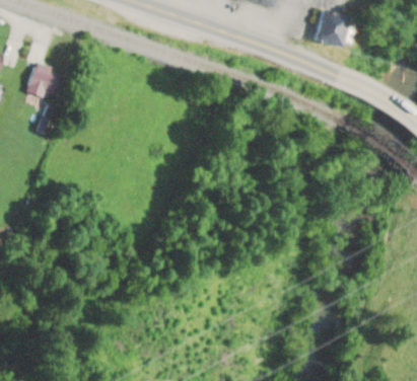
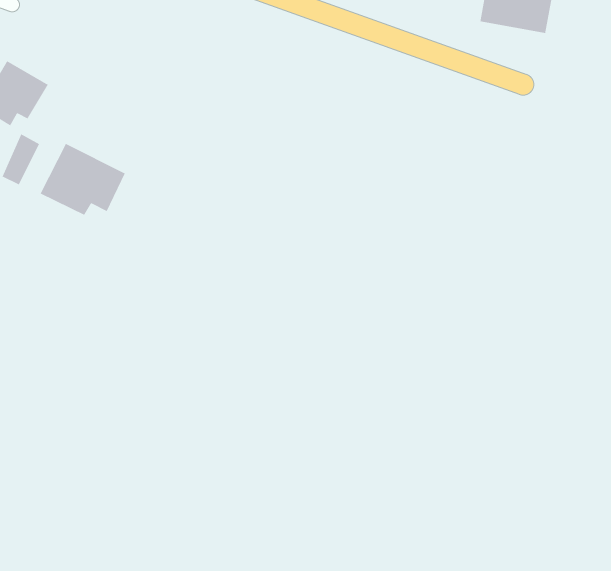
building: none -> [39,143,126,216]

